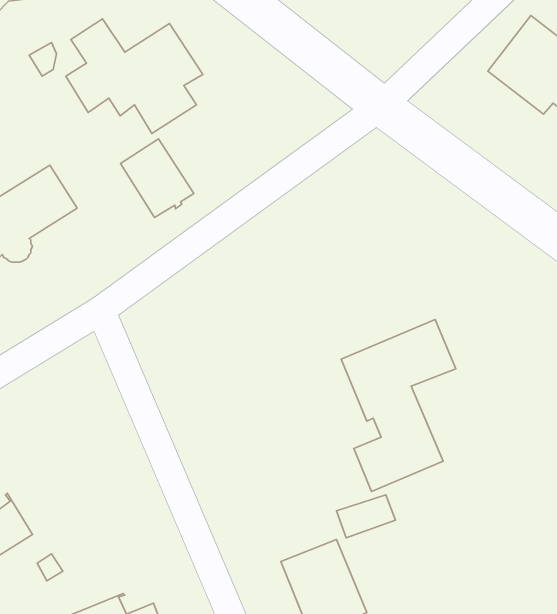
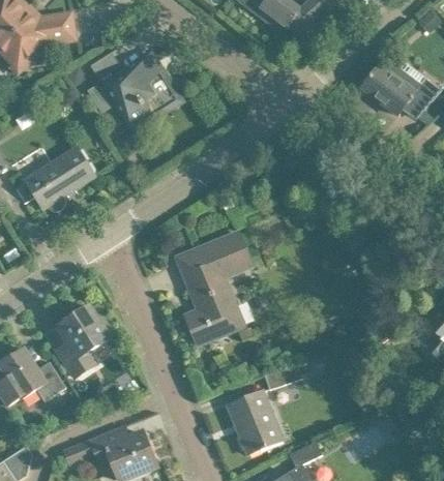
building: [120,139,194,217] -> none
building: [341,319,456,491] -> [177,233,251,344]
building: none -> [58,306,113,377]

